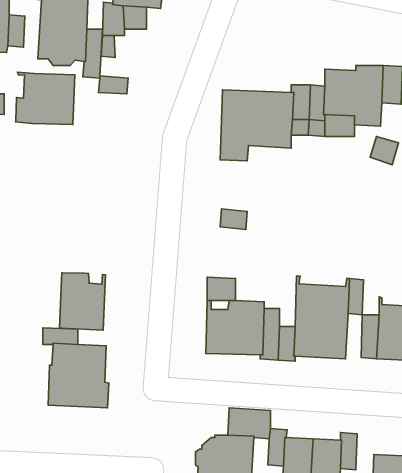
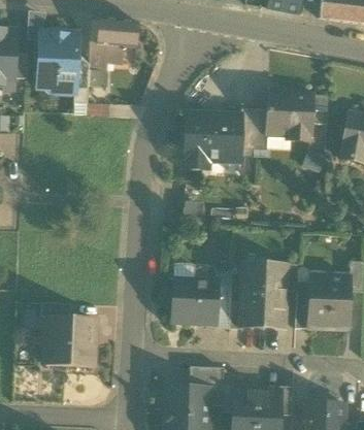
building: [16,72,75,125] -> none
building: [59,273,105,330] -> none

